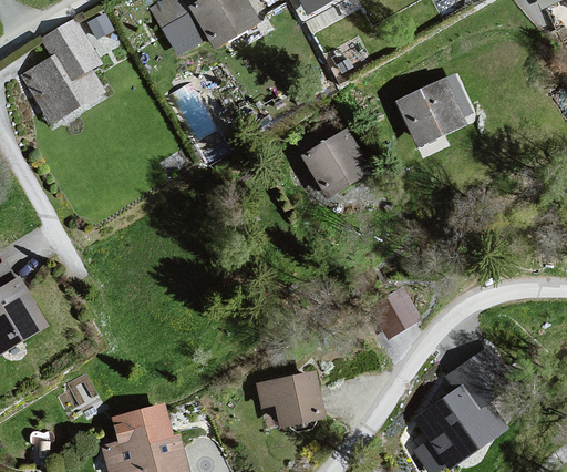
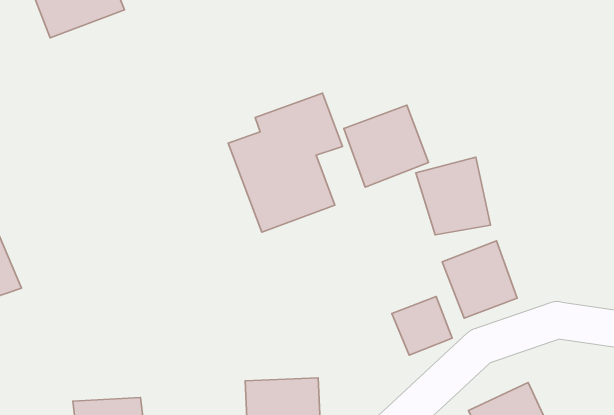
building: [395,81,464,151] -> [416,157,490,235]
building: none -> [228,93,342,232]
building: none -> [442,241,517,318]

